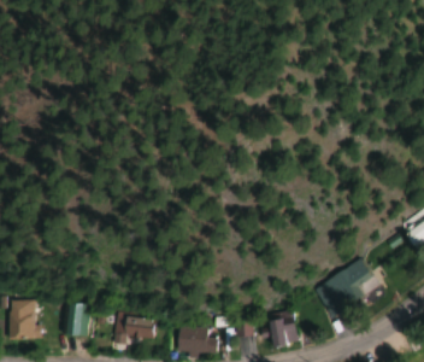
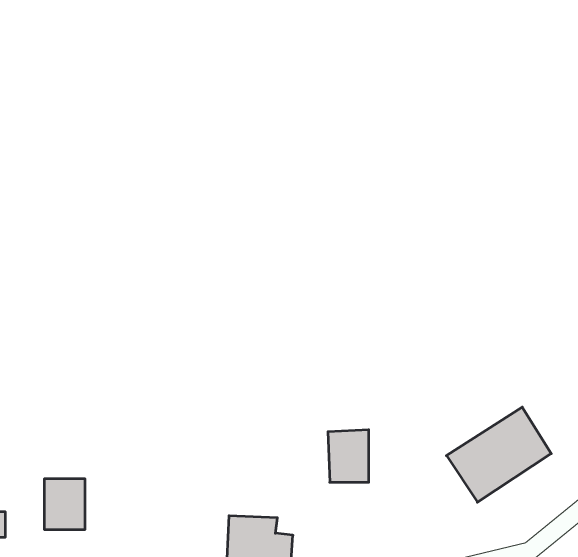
building: [114,311,157,345] -> none
building: [271,313,296,345] -> [328,430,369,482]

